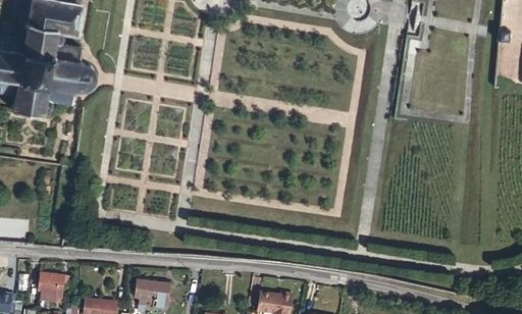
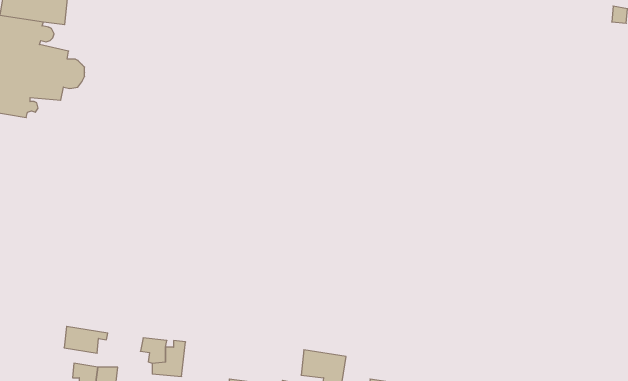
building: [36,276,69,297] -> [64,326,108,353]

